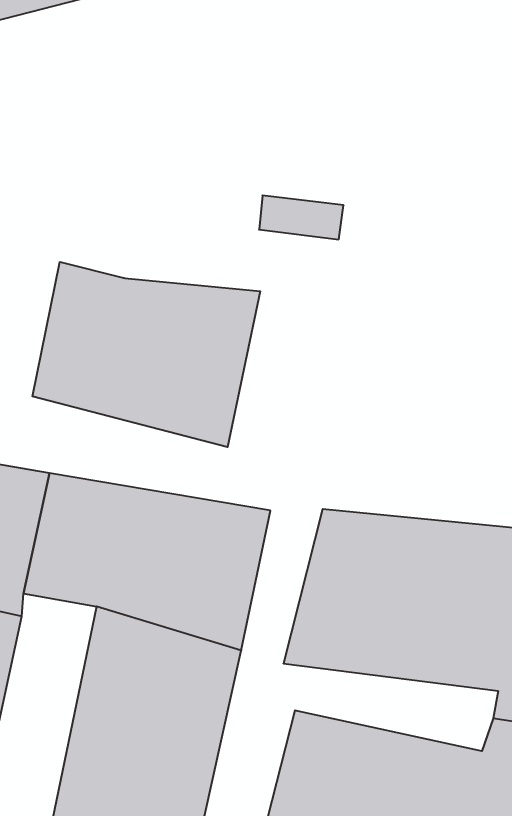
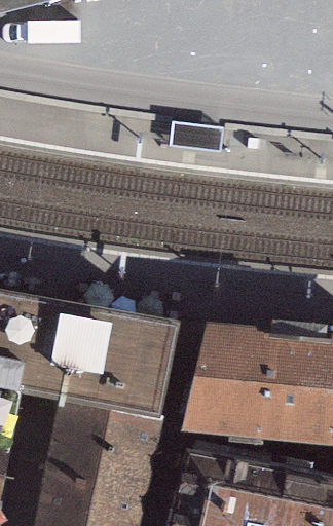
building: [32,262,260,447] -> none

